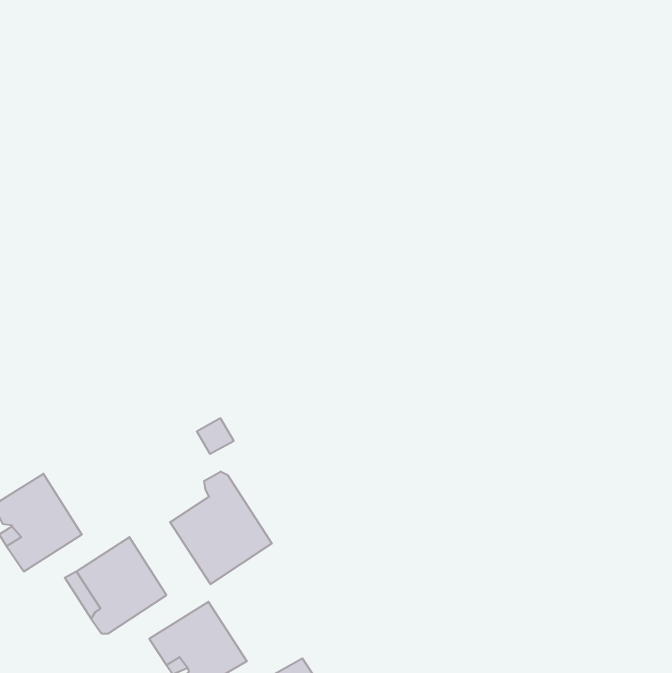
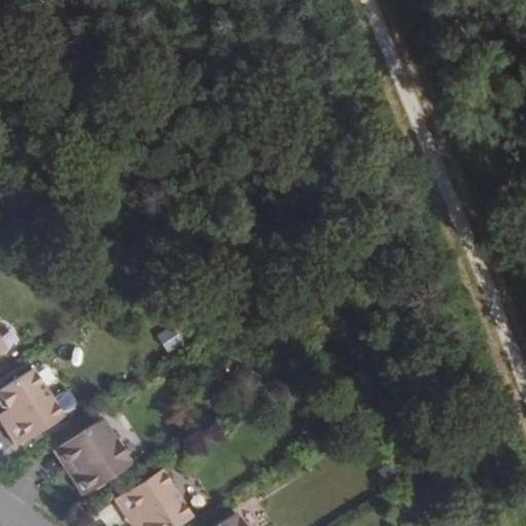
building: [170,471,272,584] -> none

